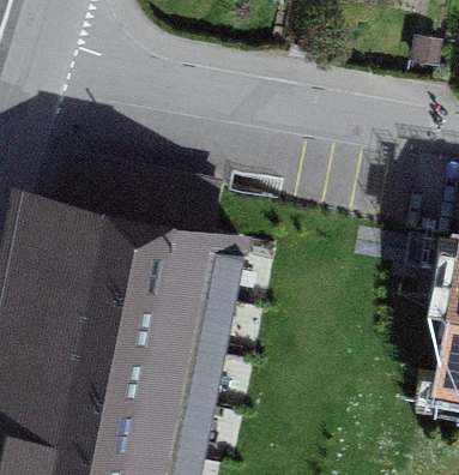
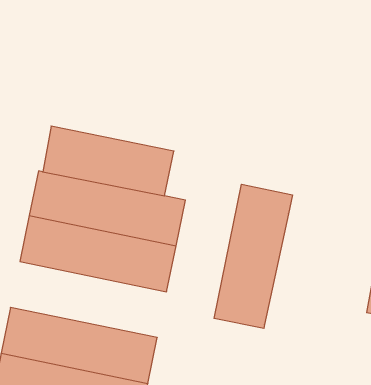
building: none -> [214,184,292,328]
building: [19,315,199,403] -> none

